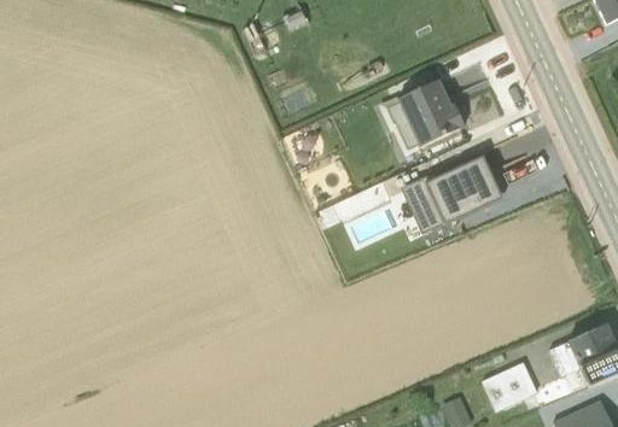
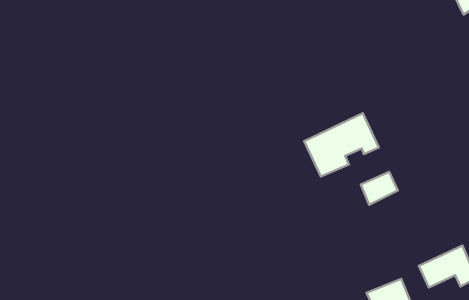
building: [381,77,466,151] -> none
building: none -> [361,172,398,205]

